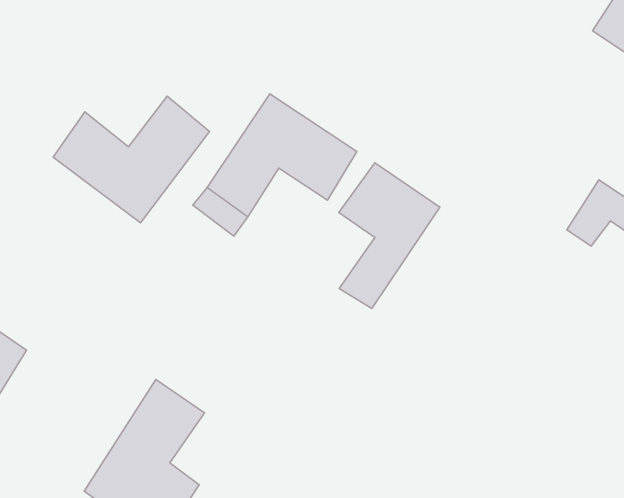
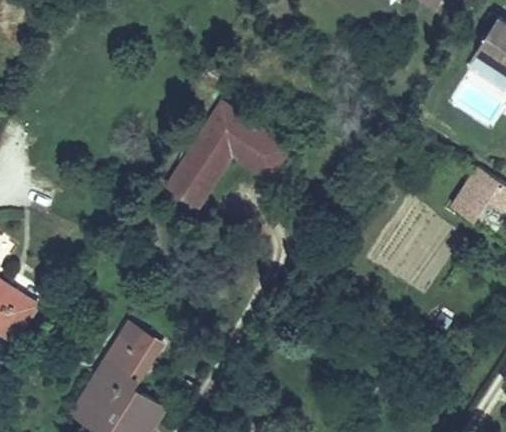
building: [53,96,210,223] -> none
building: [339,163,440,308] -> none

